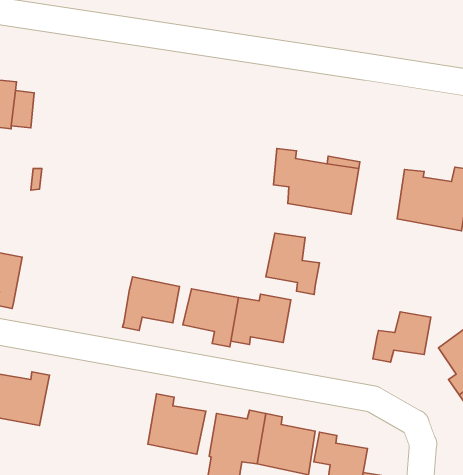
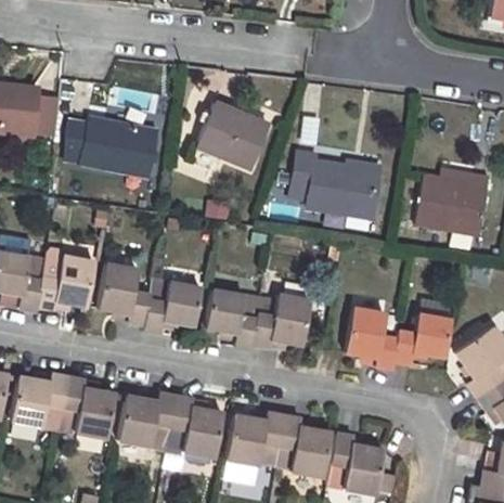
building: none -> [198,101,269,166]
building: none -> [64,115,156,175]
building: [266,233,319,294] -> [344,309,397,370]
building: none -> [36,249,95,309]
building: none -> [98,265,151,325]
building: none -> [62,377,120,437]
building: none -> [121,392,178,446]

